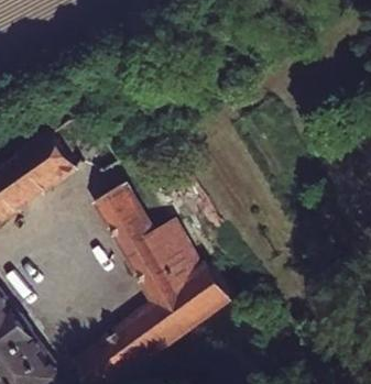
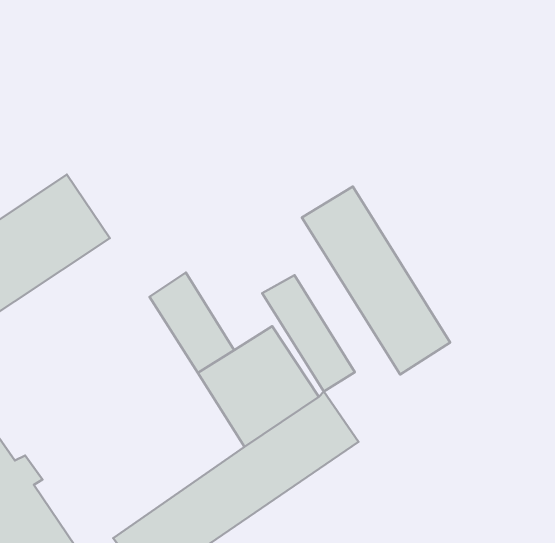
building: none -> [302,186,450,375]
building: none -> [262,275,355,392]

